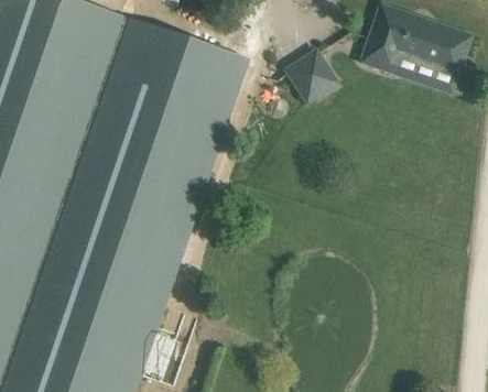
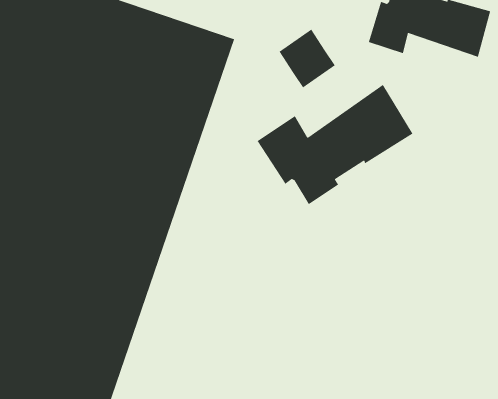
building: none -> [257,84,413,205]

